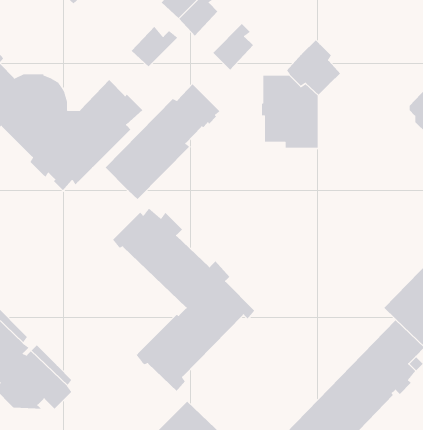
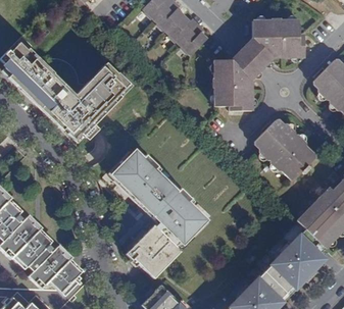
building: none -> [253,17,304,58]
building: [131,26,178,67] -> [166,15,199,44]
building: [105,84,220,200] -> none
building: none -> [255,119,315,179]

